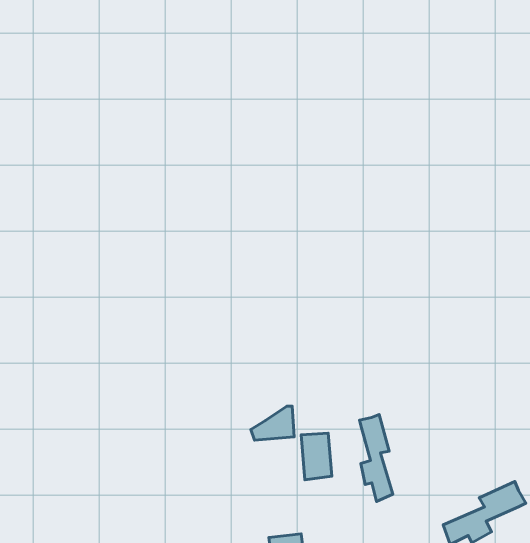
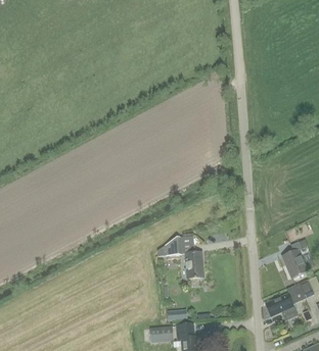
building: none -> [282,239,308,278]
building: [360,415,393,502] -> none

